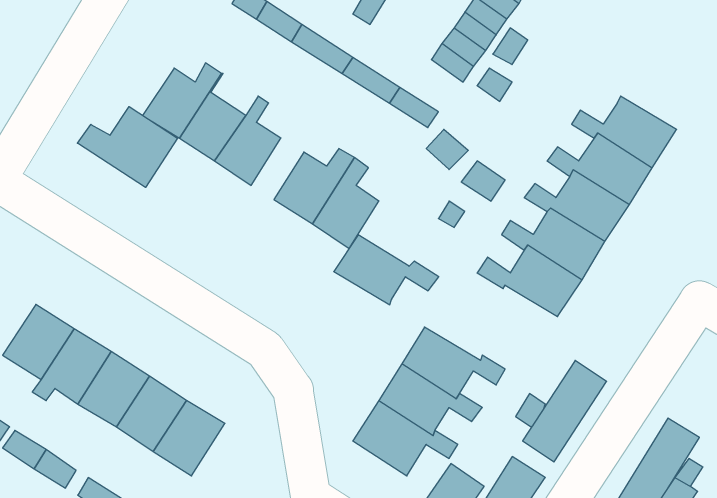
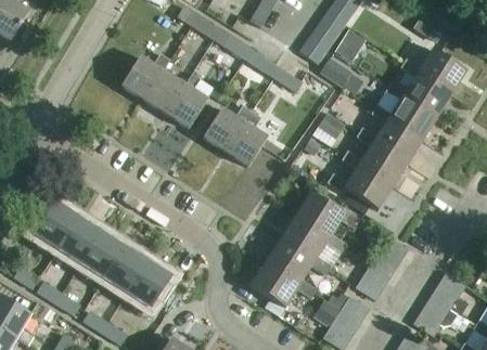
building: none -> [400,49,466,93]
building: [77,107,177,187] -> none
building: [334,235,439,305] -> [295,193,360,236]

